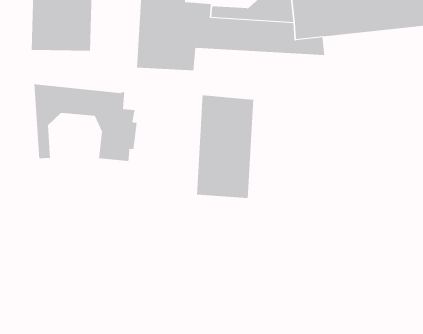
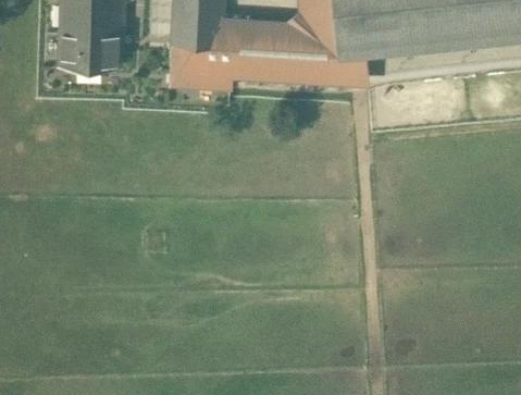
building: [34,83,137,162] -> none
building: [196,95,254,199] -> none

